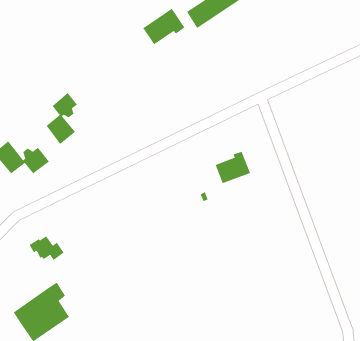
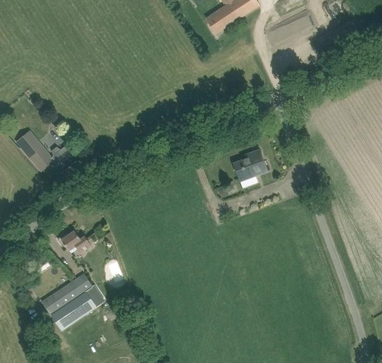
building: [143,8,185,45] -> none
building: [46,92,78,145] -> none

